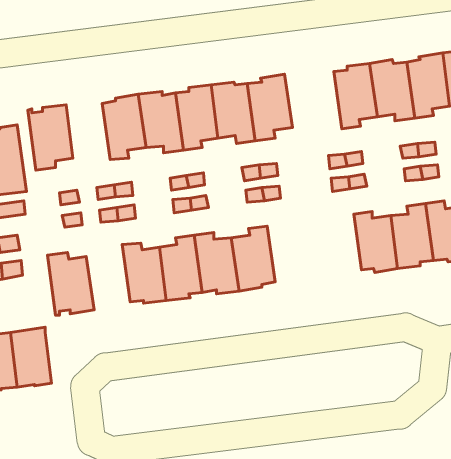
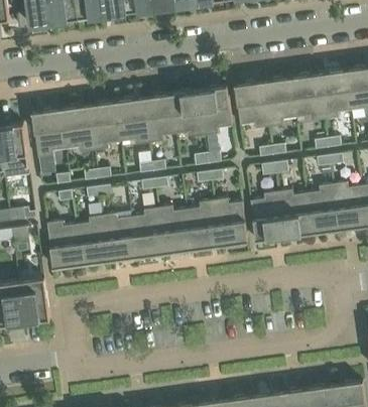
building: none -> [234,83,269,129]
building: none -> [60,107,94,152]
building: none -> [250,191,284,241]
building: none -> [213,198,248,244]
building: none -> [76,215,109,264]

